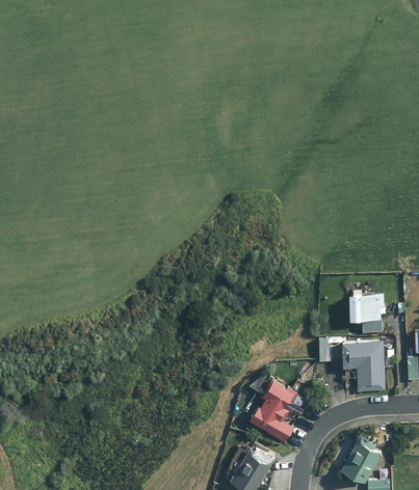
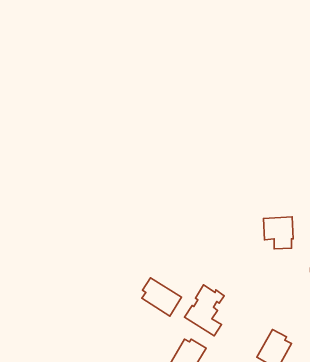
building: [318,338,385,392] -> none
building: none -> [142,278,182,316]

